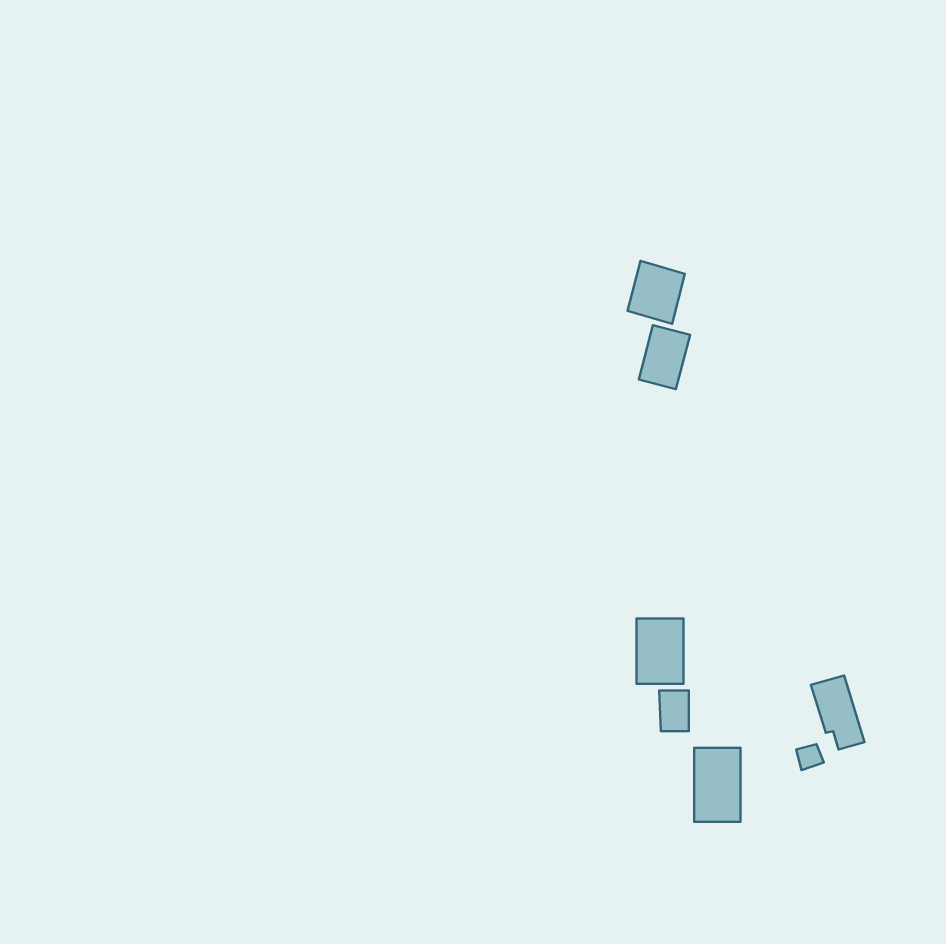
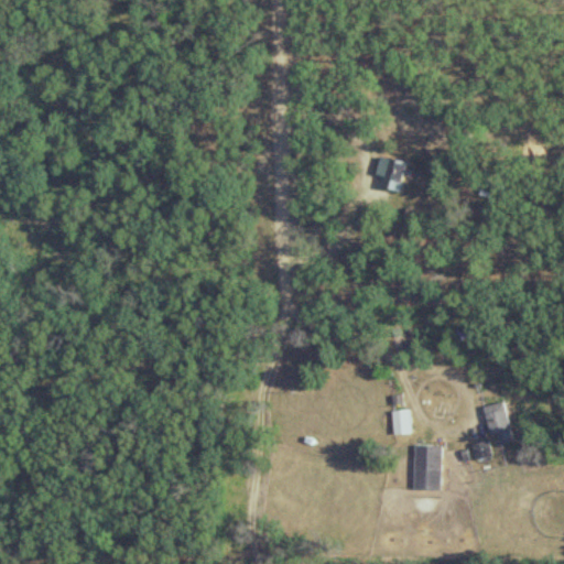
building: [639,325,690,389] -> none
building: [636,618,683,684] -> none

